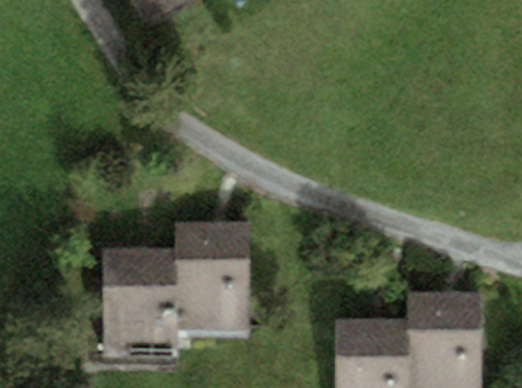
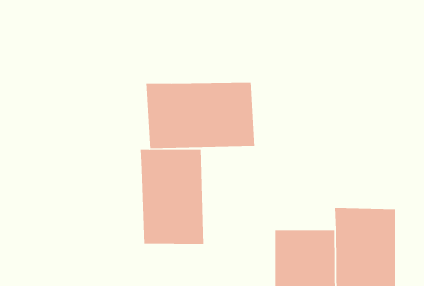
building: none -> [146,82,255,149]
building: [100,244,180,358] -> none

